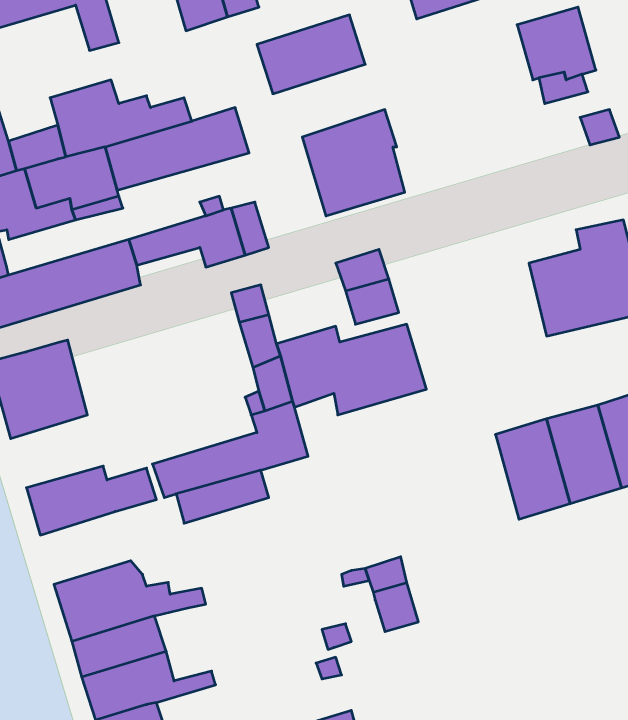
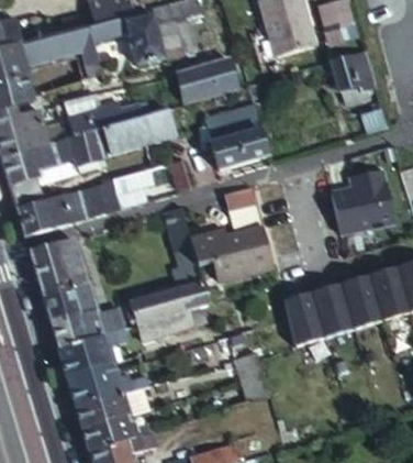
building: none -> [44,279,96,320]
building: none -> [286,290,327,345]
building: none -> [60,333,111,374]

